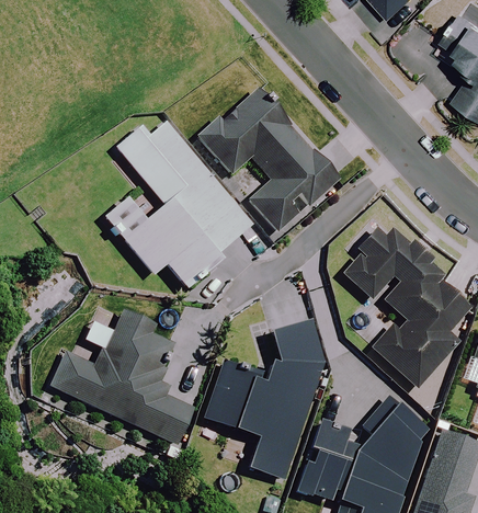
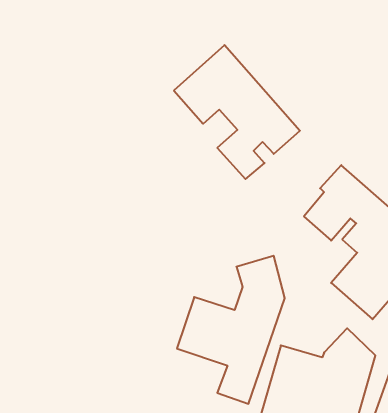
building: [105,122,253,288] -> none
building: [52,307,196,444] -> none

